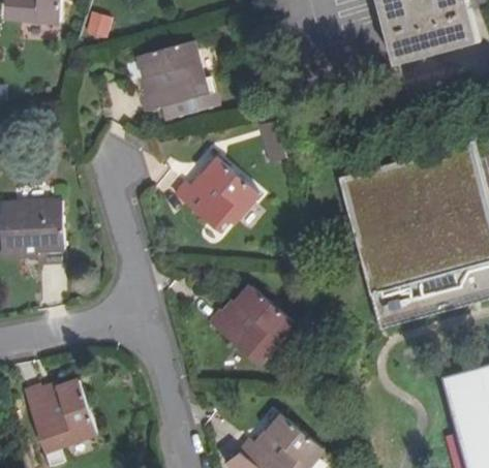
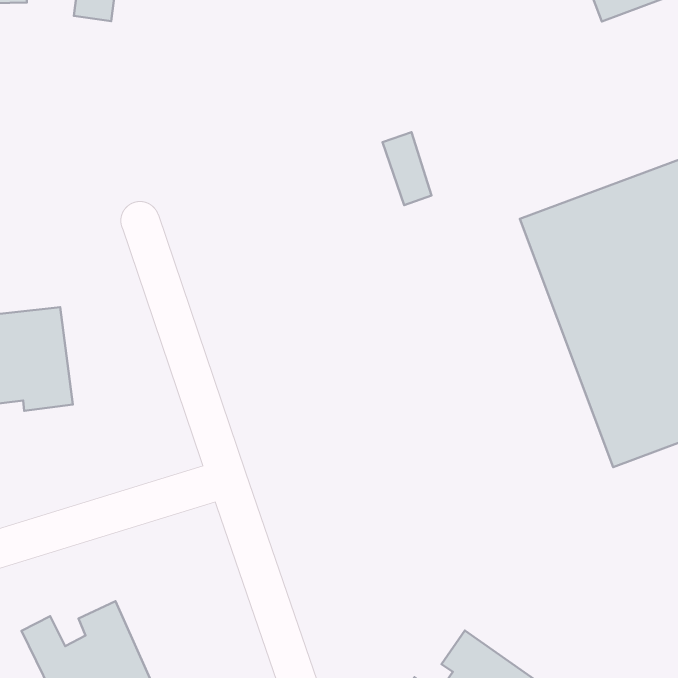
building: [137,41,216,121] -> none
building: [175,159,259,232] -> none
building: [208,287,294,362] -> none

